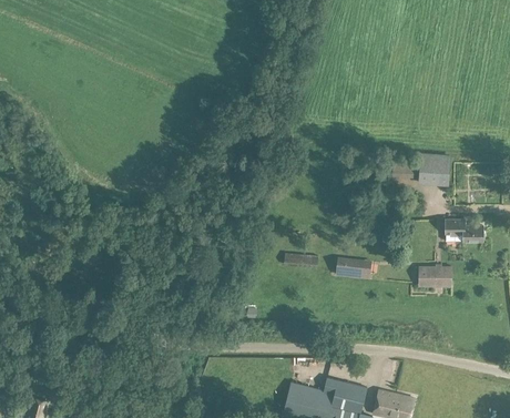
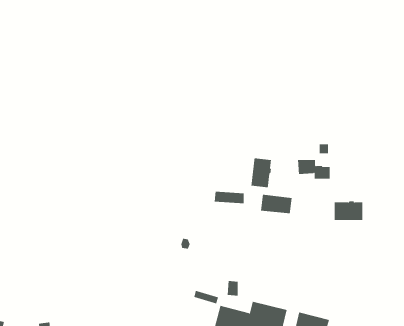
building: [419,155,450,182] -> none
building: none -> [251,158,272,188]
building: [445,218,482,241] -> [297,160,331,179]

